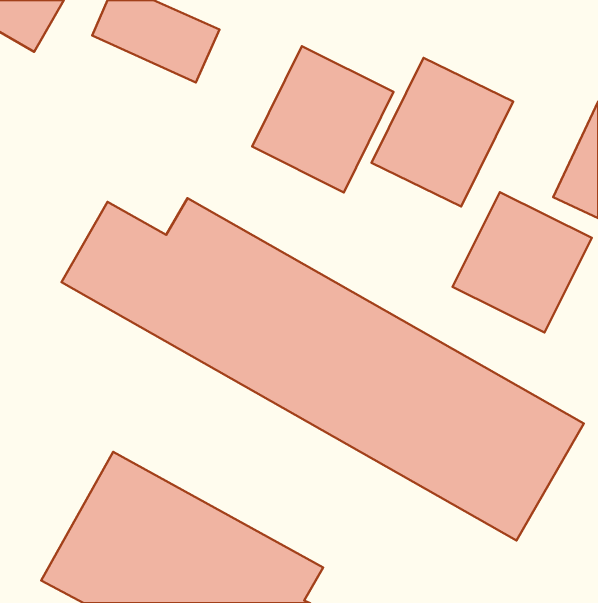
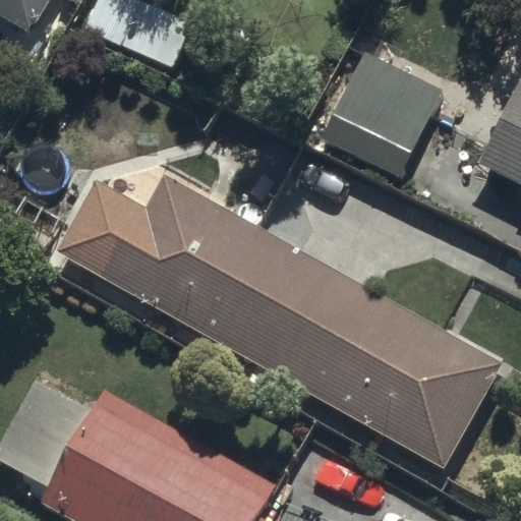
building: [252,46,394,193] -> none
building: [453,192,592,332] -> none

